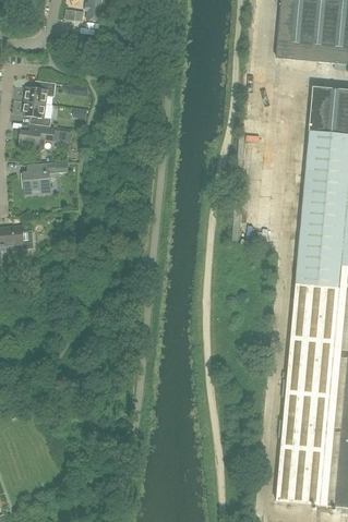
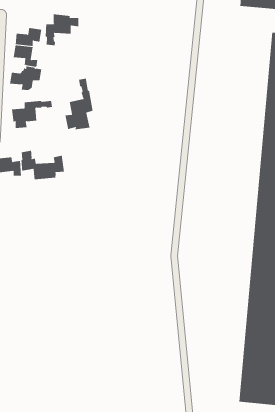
building: none -> [45,14,79,46]
building: none -> [65,78,93,130]
building: none -> [21,150,64,180]

